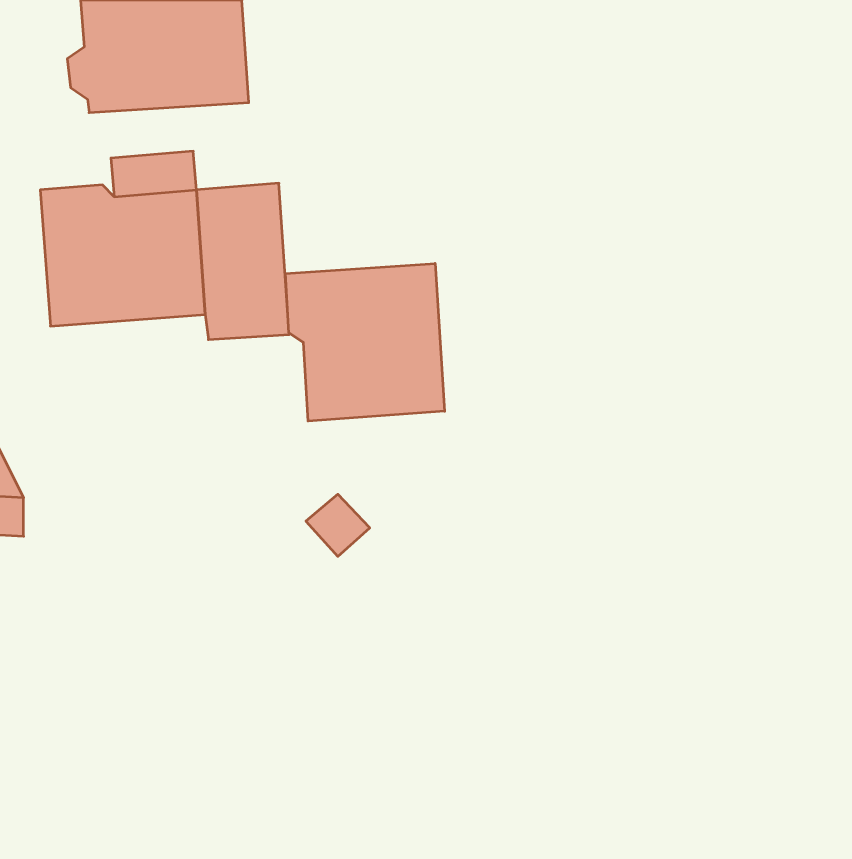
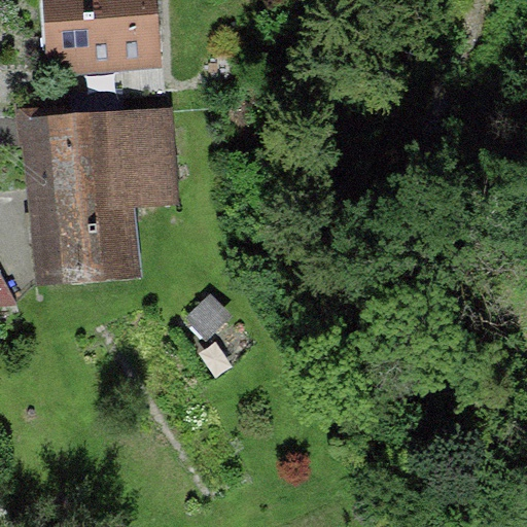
building: [285,263,445,421] -> none
building: none -> [31,192,132,280]

